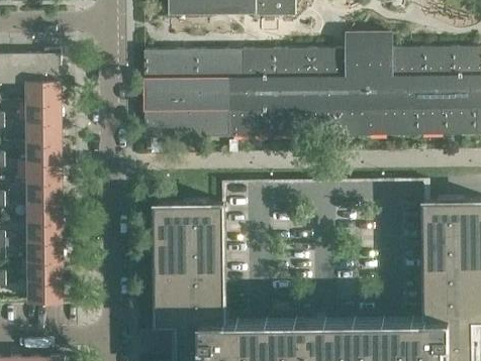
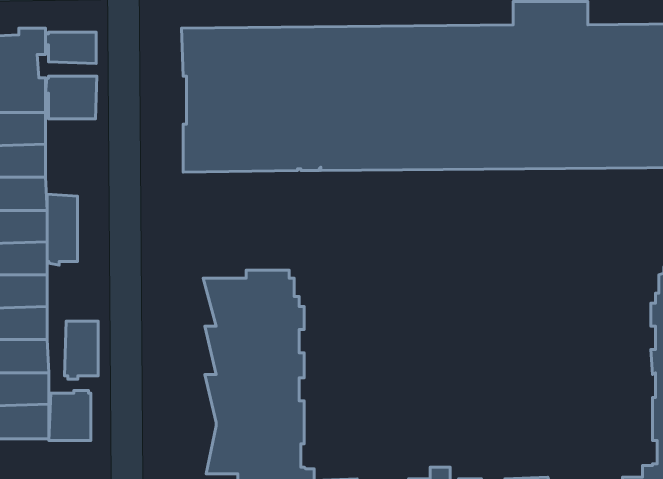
building: none -> [45,32,96,63]
building: none -> [45,76,97,119]
building: none -> [47,194,78,265]
building: none -> [65,321,98,379]
building: none -> [49,390,91,440]

